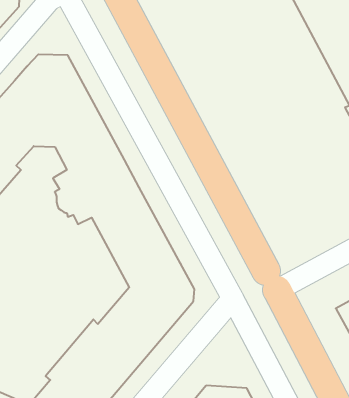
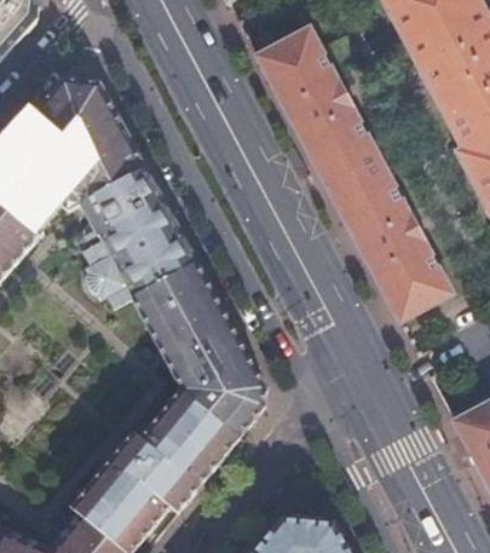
building: none -> [258,31,456,327]

